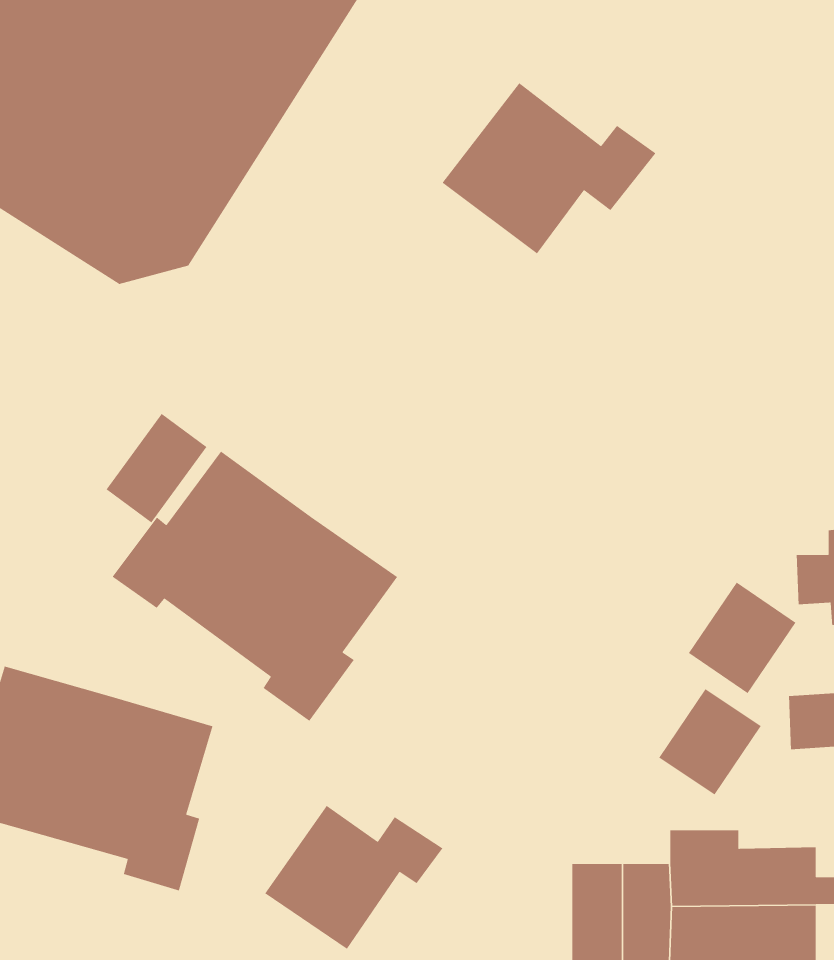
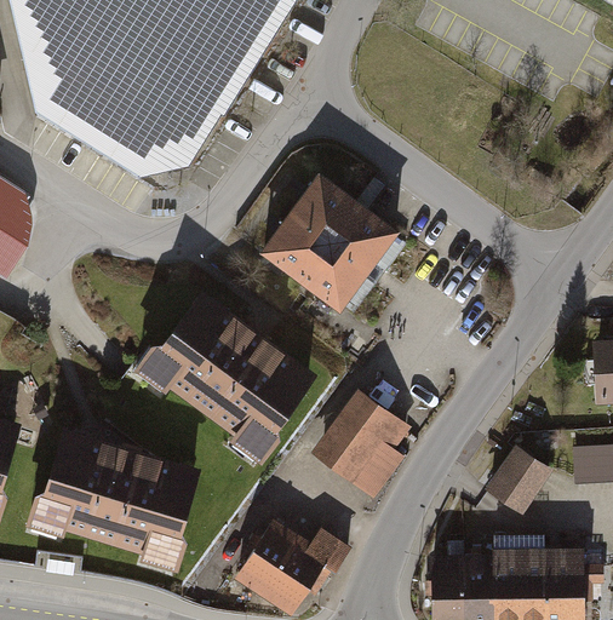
building: [442,82,657,254] -> none
building: none -> [259,177,403,316]
building: [106,413,208,524] -> none
building: [688,581,796,694] -> none
building: none -> [313,391,408,496]

